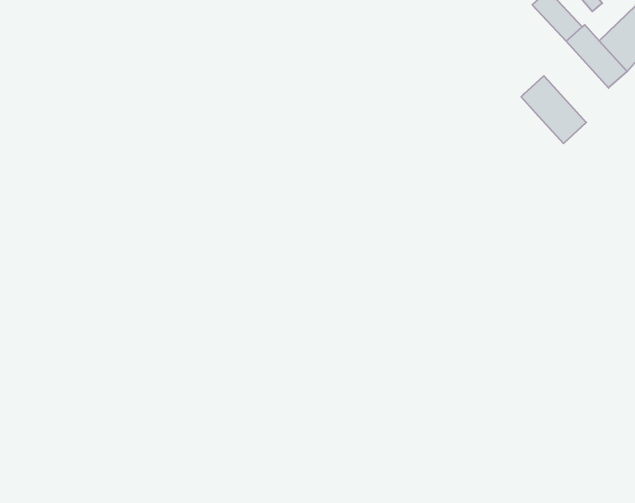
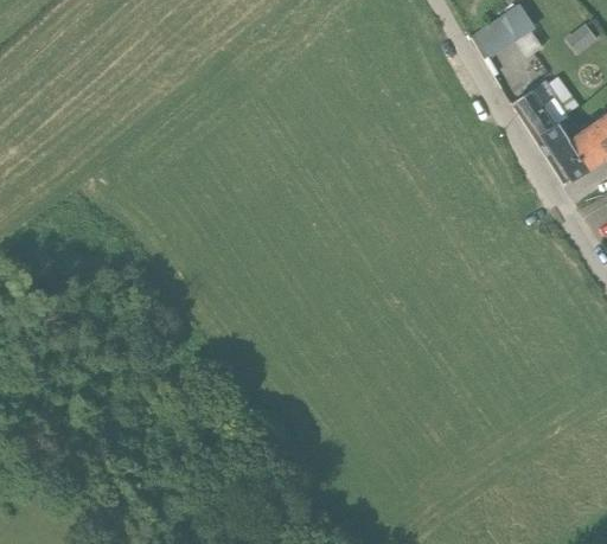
building: [521,76,586,143] -> none

